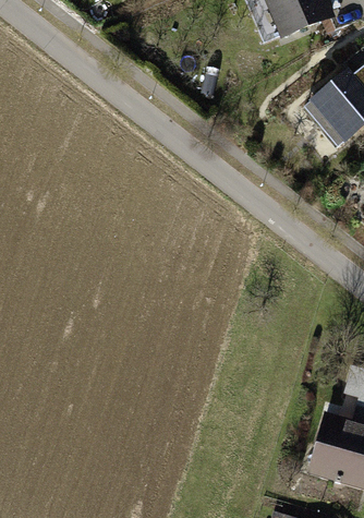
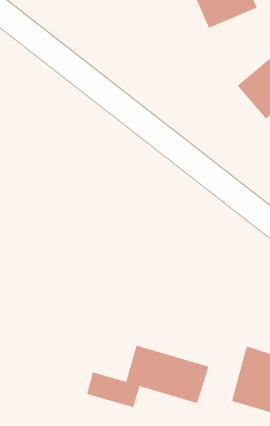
building: none -> [86,345,209,408]

